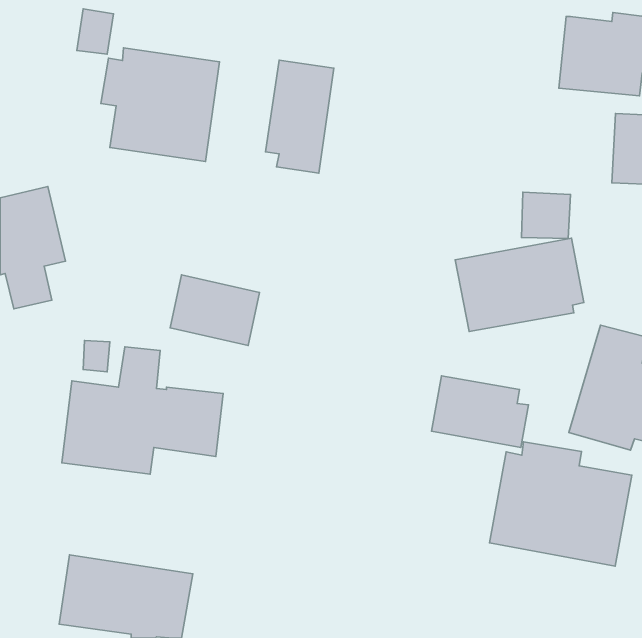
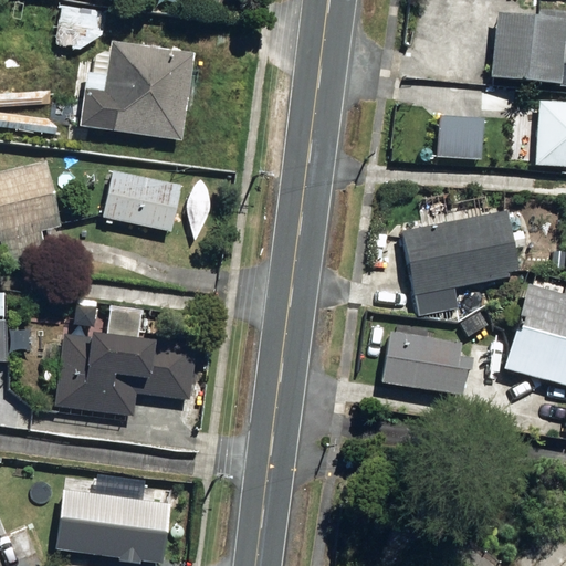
building: [266,60,334,173] -> none
building: [521,192,571,239] -> [440,113,483,154]
building: [170,275,260,345] -> [103,170,181,232]
building: [489,442,632,566] -> none

